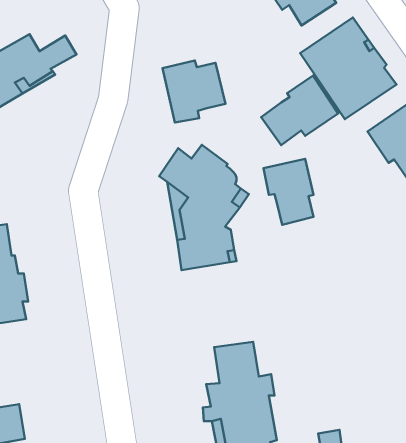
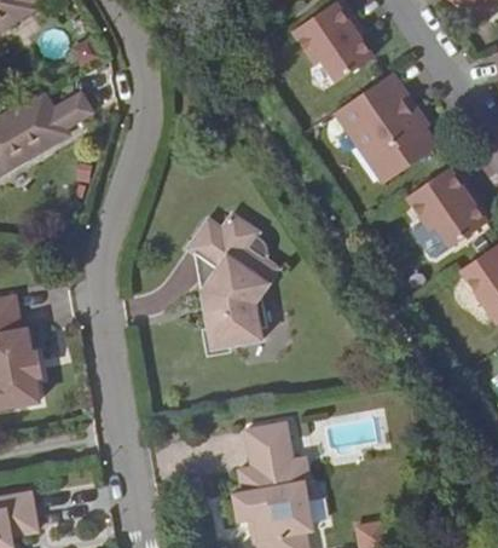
building: [163,61,225,122] -> none
building: [261,76,338,145] -> none
building: [264,159,314,225] -> none

